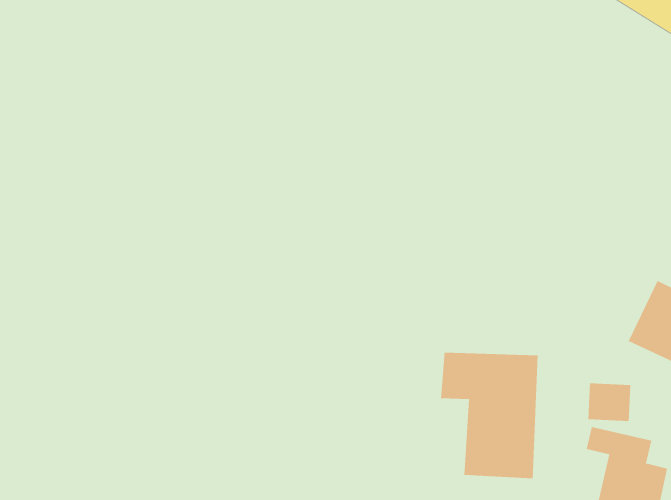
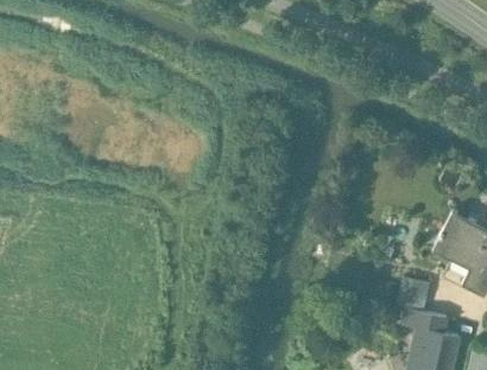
building: [441,352,538,479] -> none

